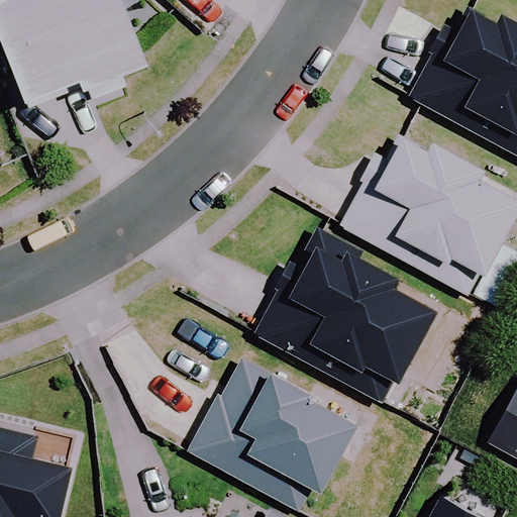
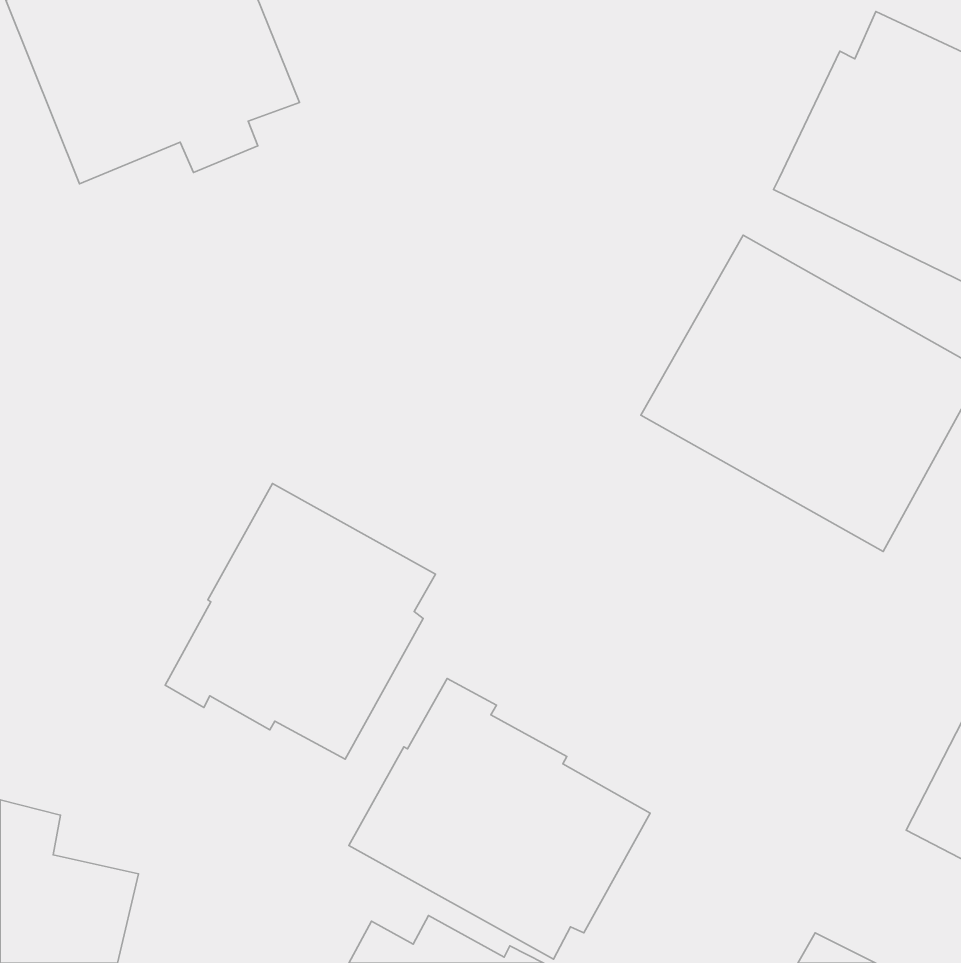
building: [258,232,433,390] -> none
building: none -> [165,484,435,759]

